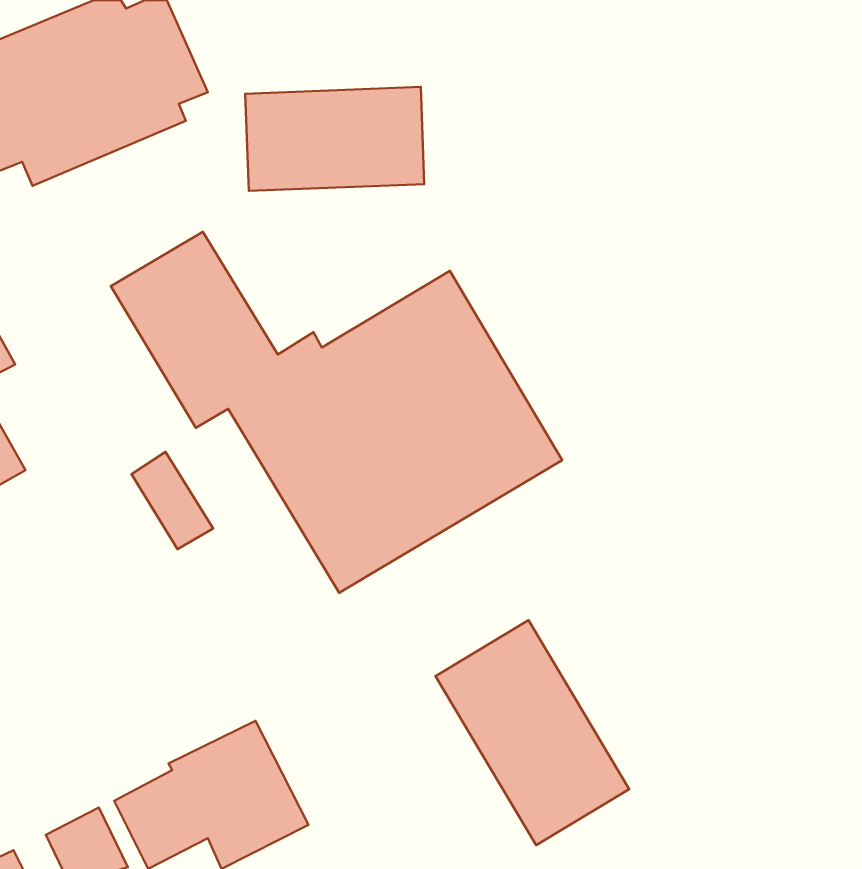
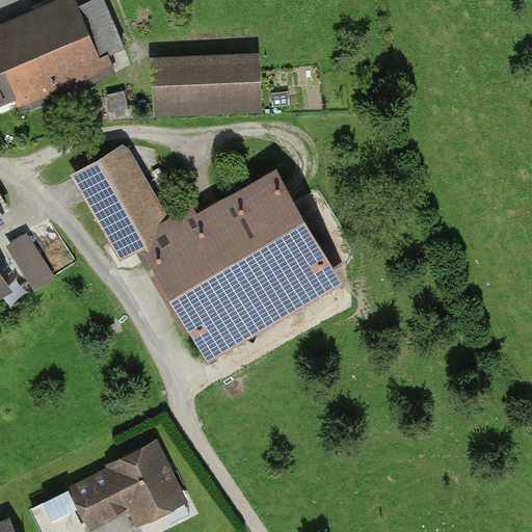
building: [131,452,213,549] -> [4,231,54,290]
building: [435,620,629,845] -> none

